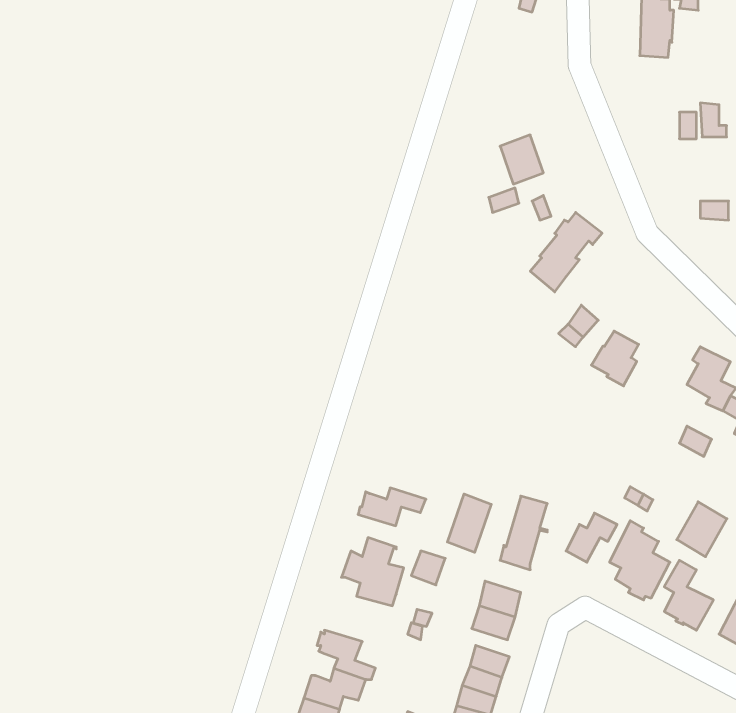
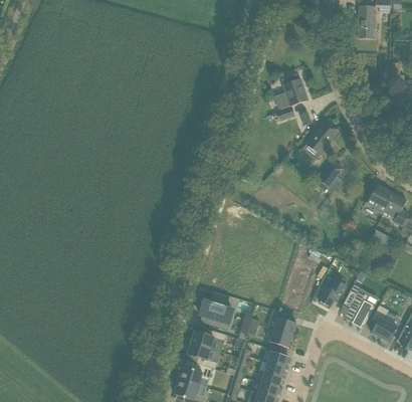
building: [591,331,639,386] -> [365,184,390,213]
building: [358,488,426,526] -> [190,328,226,348]
building: [447,494,491,552] -> none
building: [677,502,727,557] -> none

